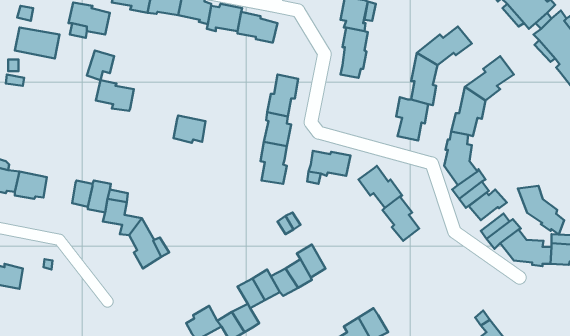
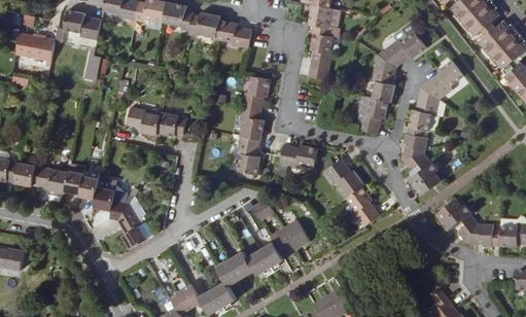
building: [96,80,134,111] -> [128,107,162,135]
building: none -> [41,168,70,193]
building: [518,186,564,235] -> none
building: [469,190,507,220] -> none
building: none -> [283,221,310,250]

